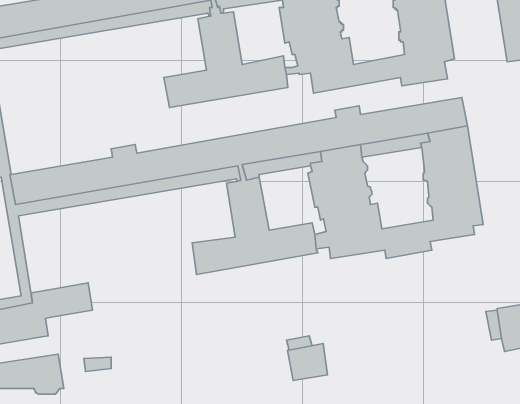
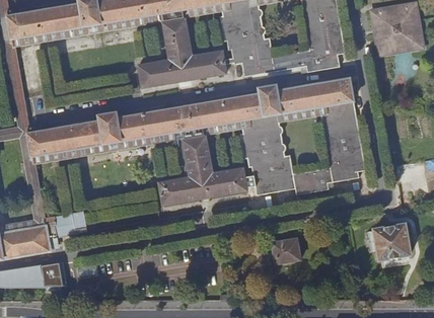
building: [288,343,328,381] -> [273,237,301,263]

